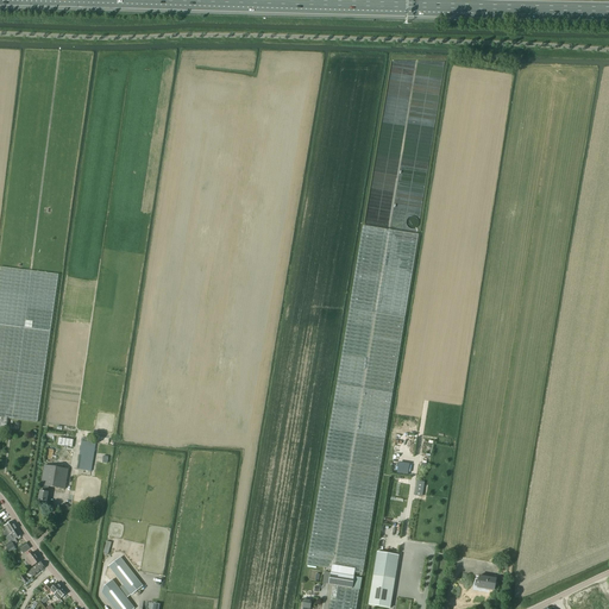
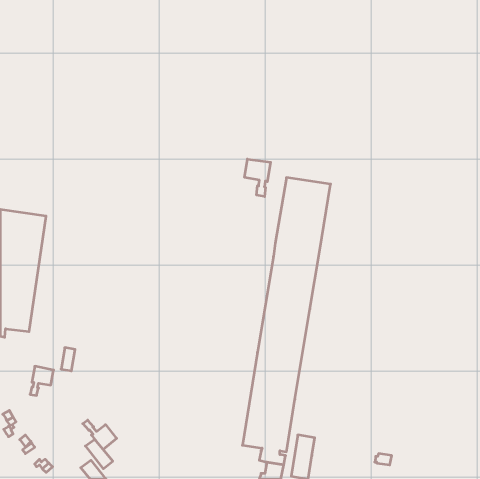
building: none -> [245,159,271,197]
building: none -> [83,420,117,450]

